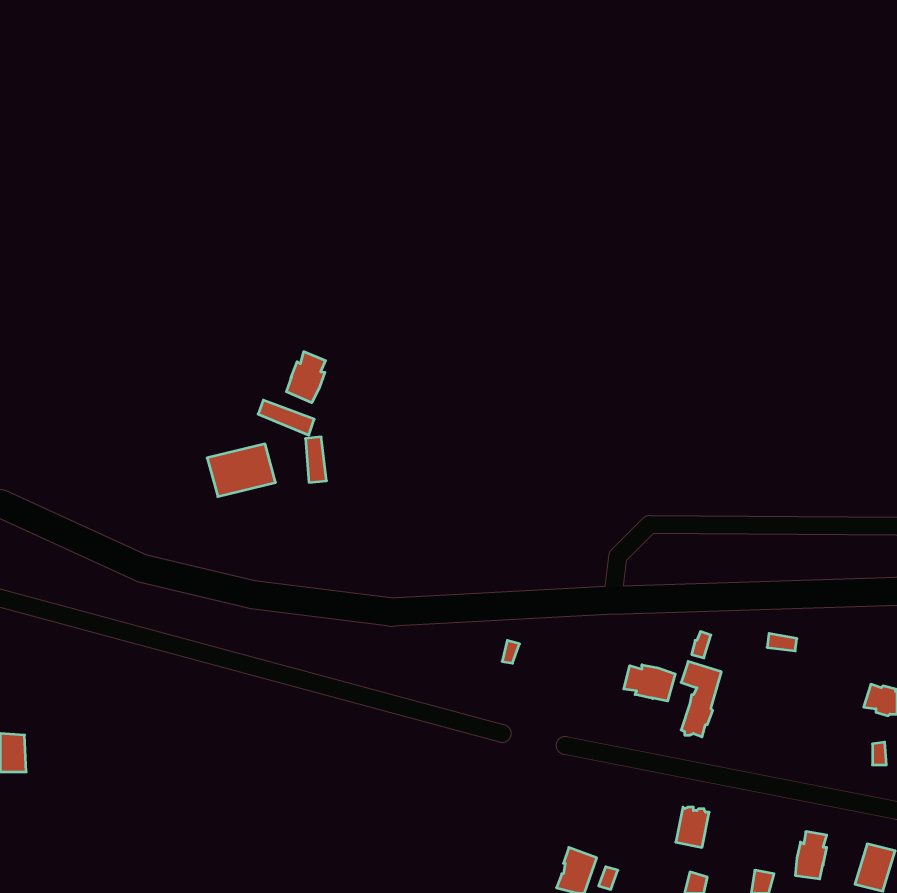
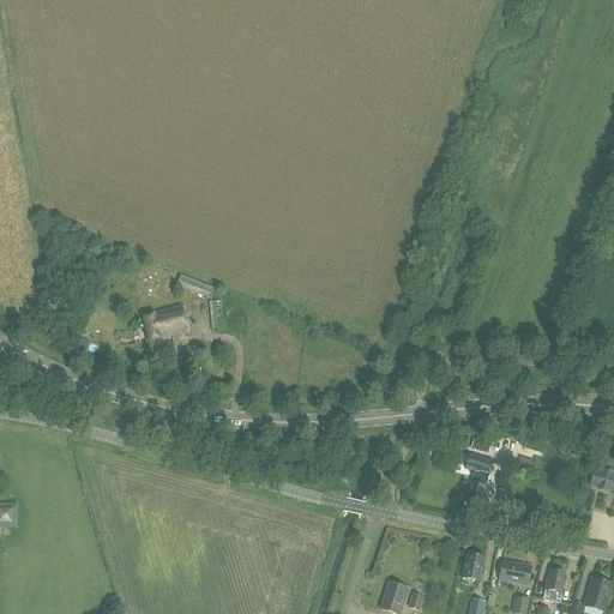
building: [286,352,326,403] -> none
building: [624,665,675,701] -> none
building: none -> [499,559,531,583]

